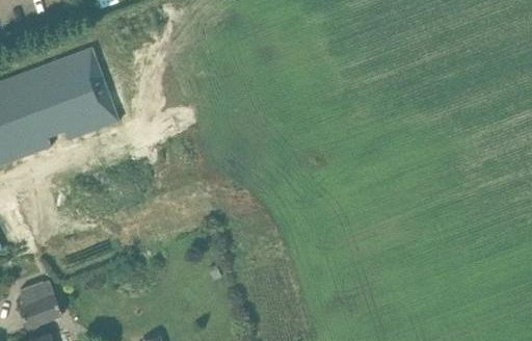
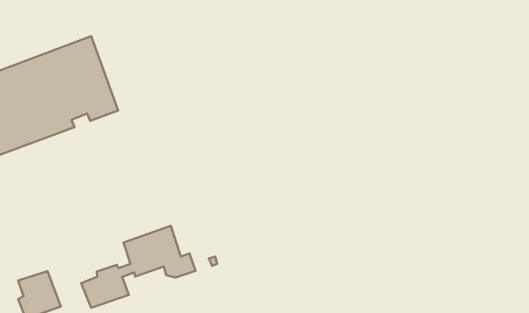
building: none -> [81,226,196,308]

